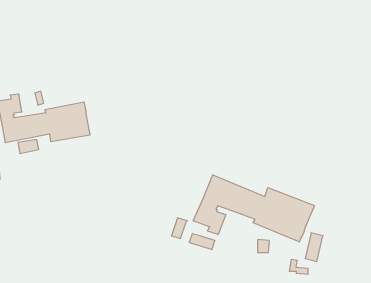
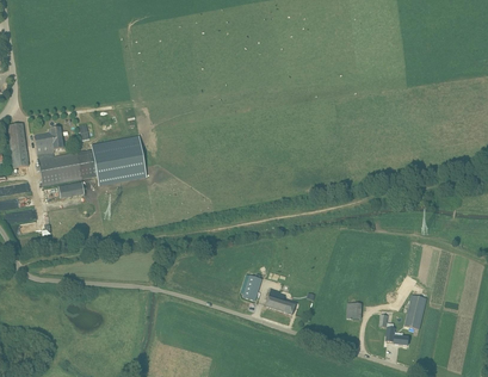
building: [193,175,314,242] -> none

